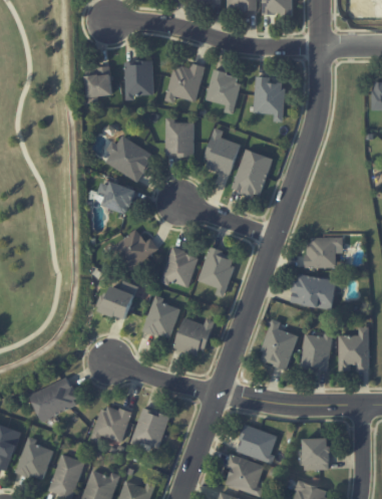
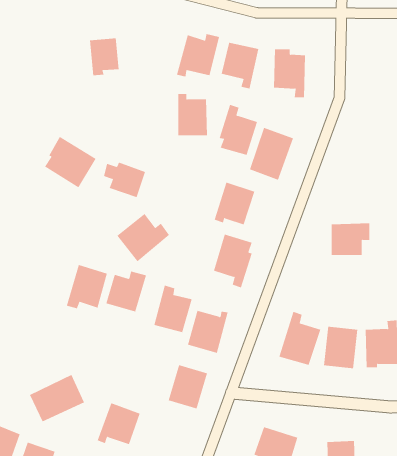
building: [124,60,152,99] -> none
building: [105,134,153,182] -> [44,136,96,188]
building: [160,247,199,287] -> [214,182,255,225]
building: [291,274,336,309] -> none
building: none -> [66,264,108,309]
building: [132,407,169,448] -> [168,364,208,409]

